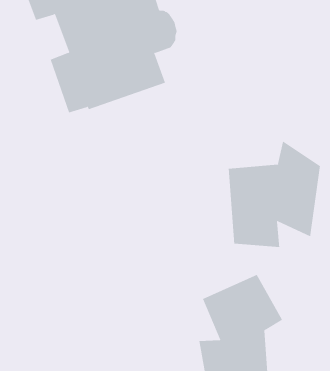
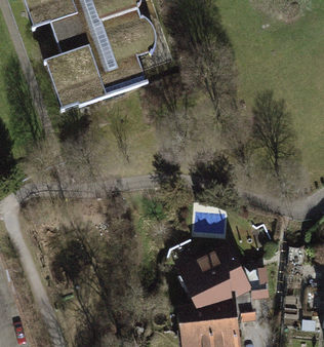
building: [228,141,320,248] -> none

